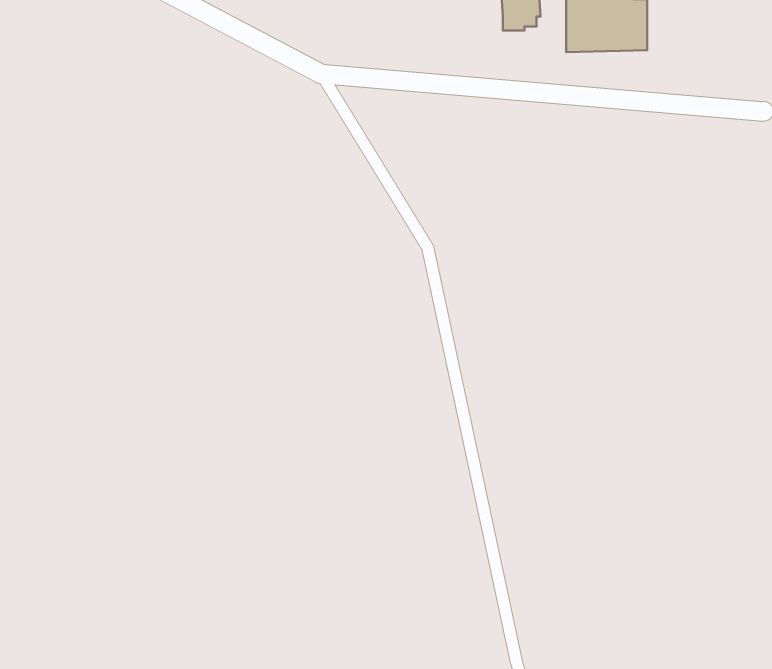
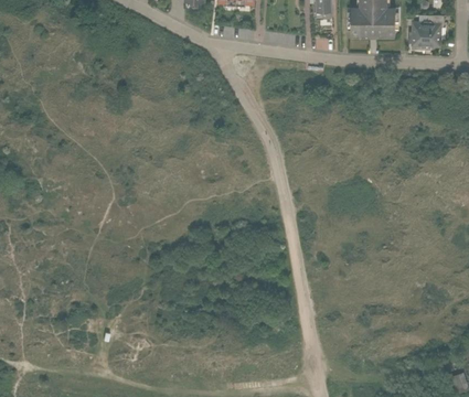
building: none -> [411,19,441,47]

